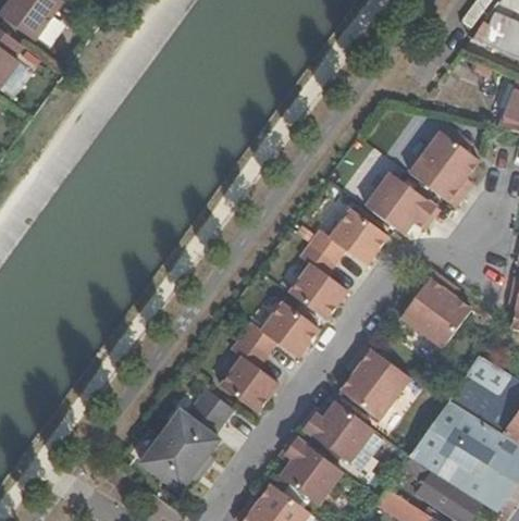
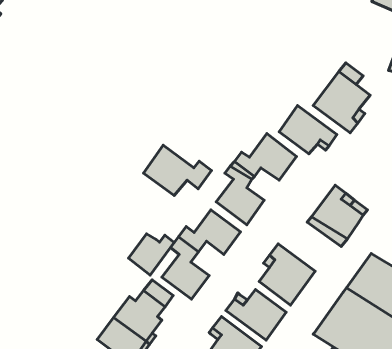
building: none -> [144,145,212,196]
building: none -> [128,234,174,275]

